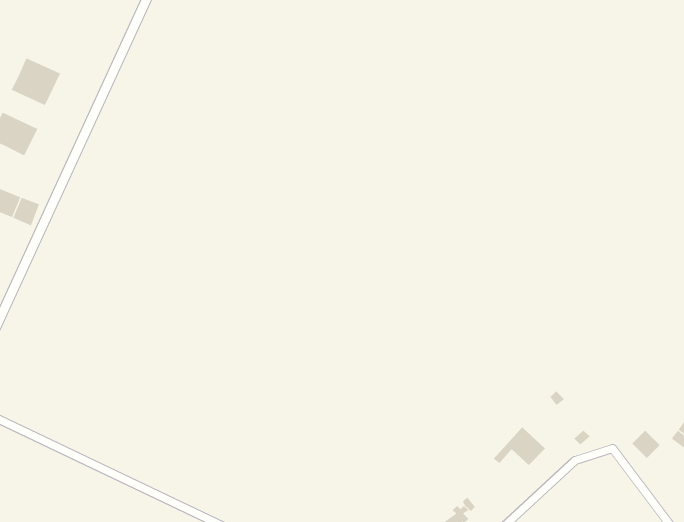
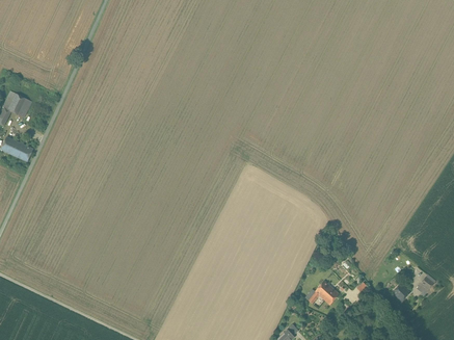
building: [11,57,61,106] -> none

